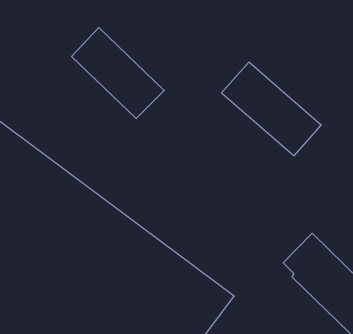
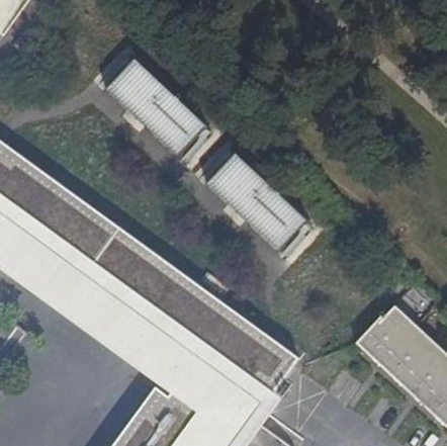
building: [222,62,321,156] -> [204,150,320,258]

